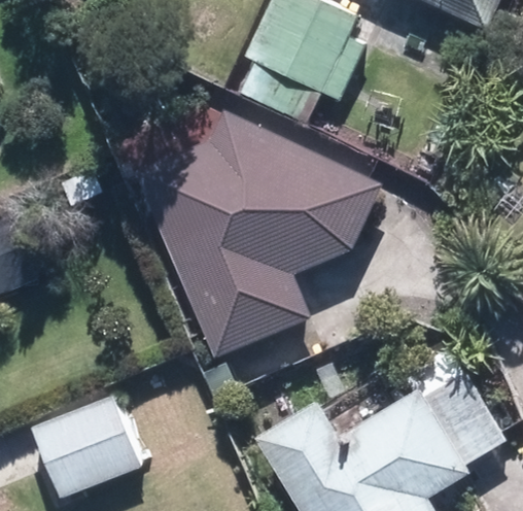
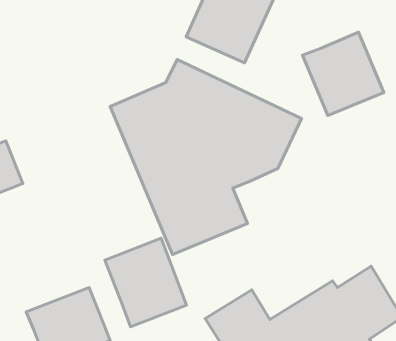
building: none -> [303,32,384,115]
building: none -> [105,238,187,327]

